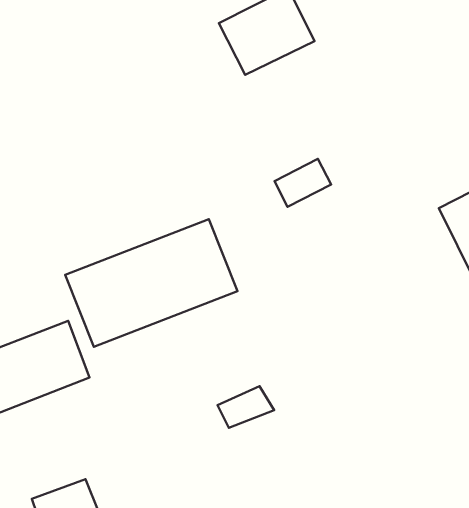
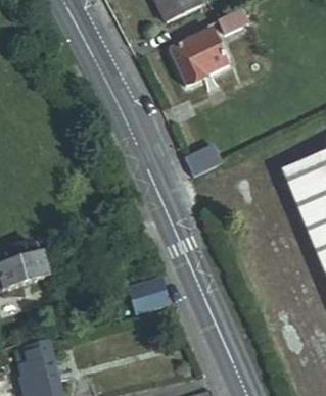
building: [65,219,238,347] -> none

